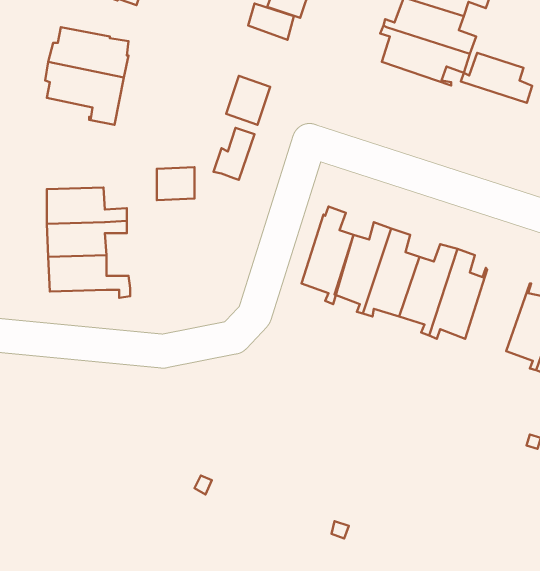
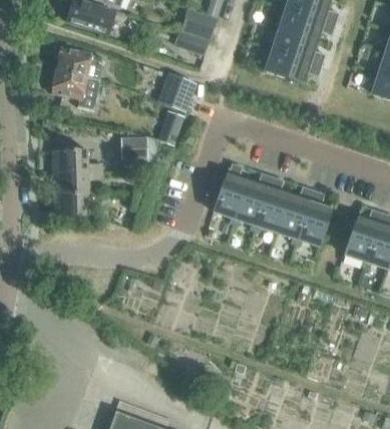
building: [461,53,532,103] -> none

